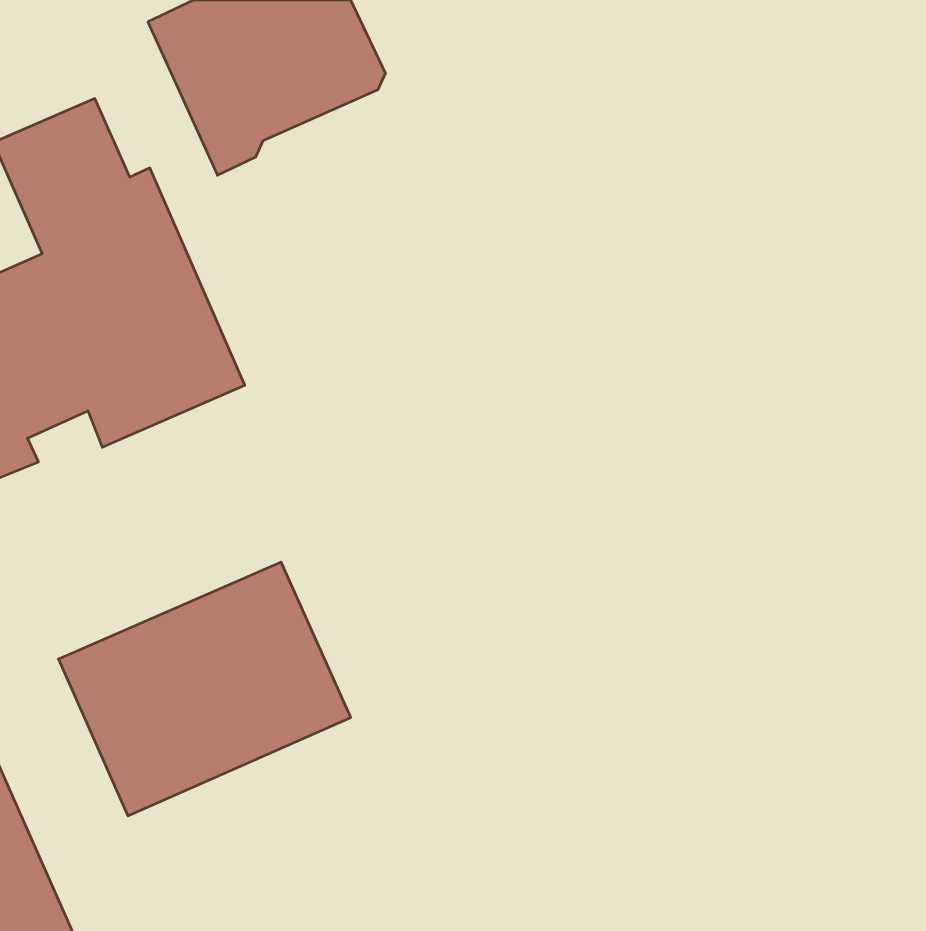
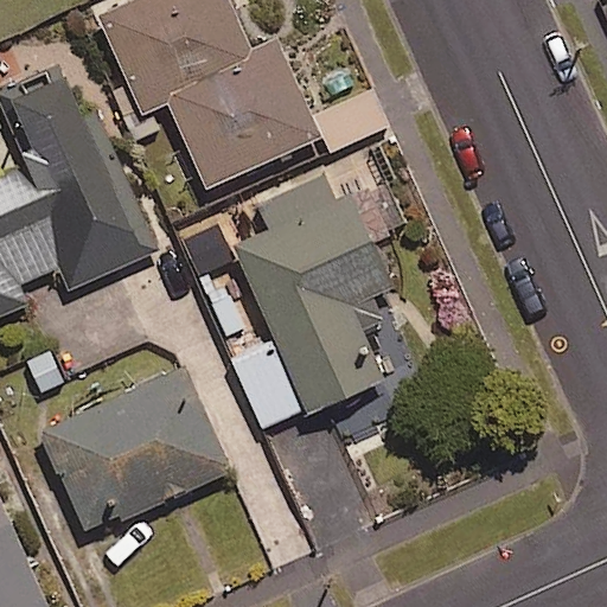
building: none -> [166,37,320,189]
building: none -> [232,193,392,415]

